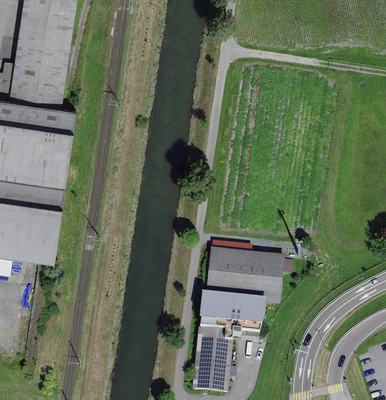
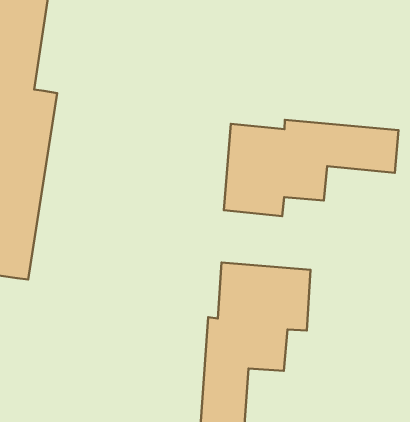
building: none -> [224,120,398,216]

